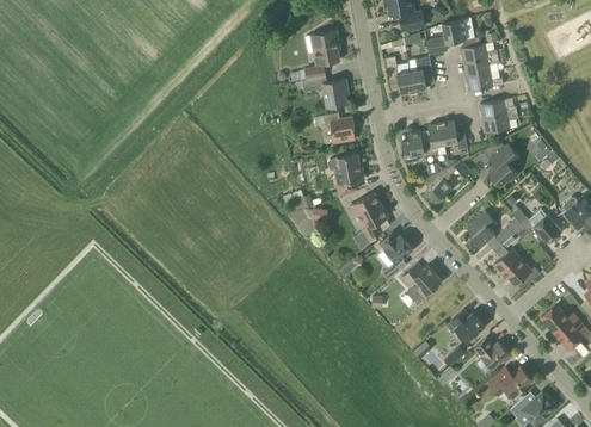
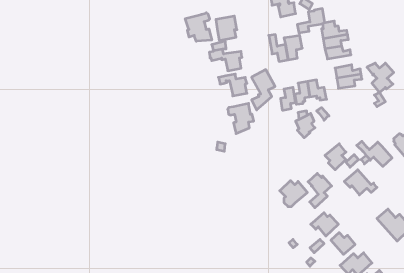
building: none -> [185,13,212,41]
building: [481,144,519,186] -> [367,63,394,92]
building: [353,193,387,250] -> [252,70,275,110]
building: [380,231,413,280] -> [308,173,332,208]

